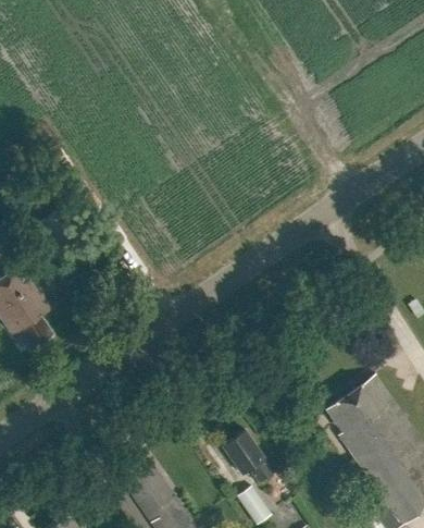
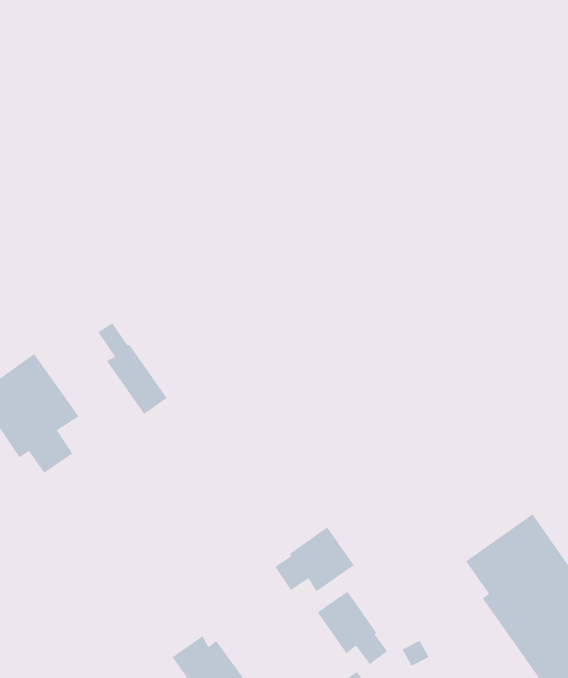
building: none -> [97,322,167,415]
building: none -> [274,527,355,592]

